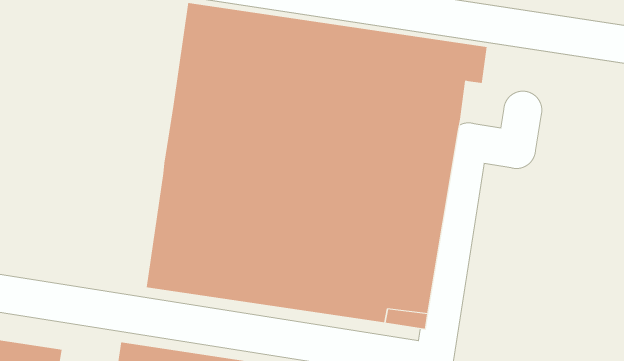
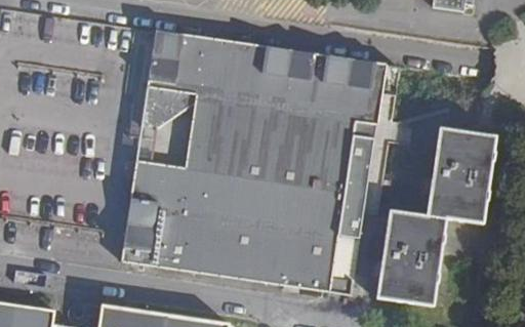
building: none -> [375,128,494,306]

